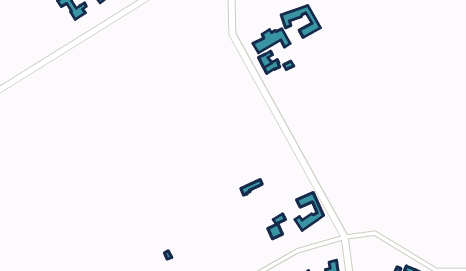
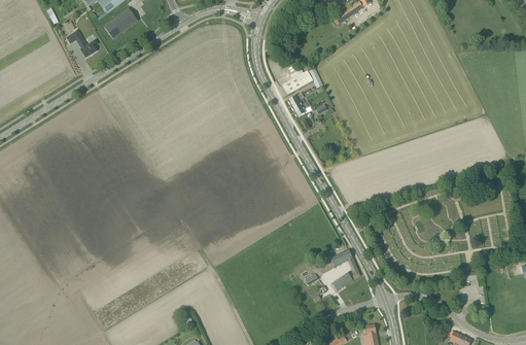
building: [281,6,320,38] -> none

